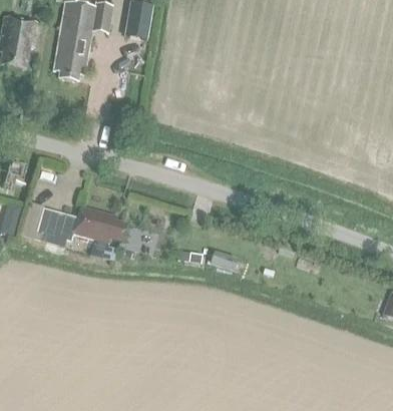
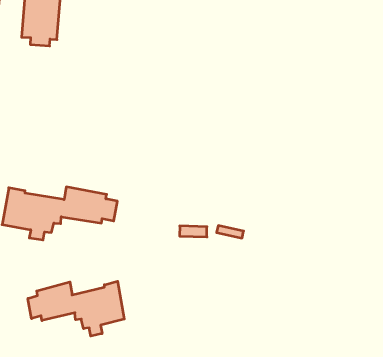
building: none -> [28,281,124,336]

